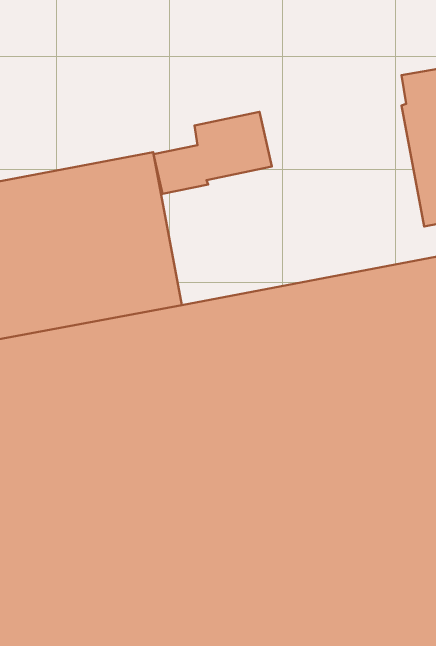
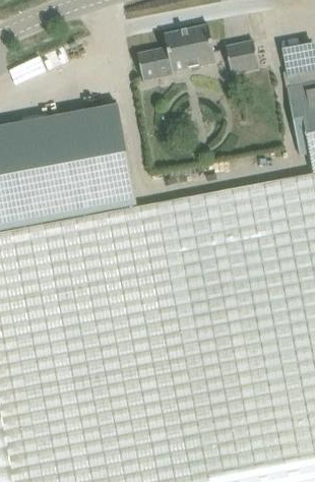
building: none -> [226,42,259,75]
building: [154,112,272,194] -> [137,26,216,81]

